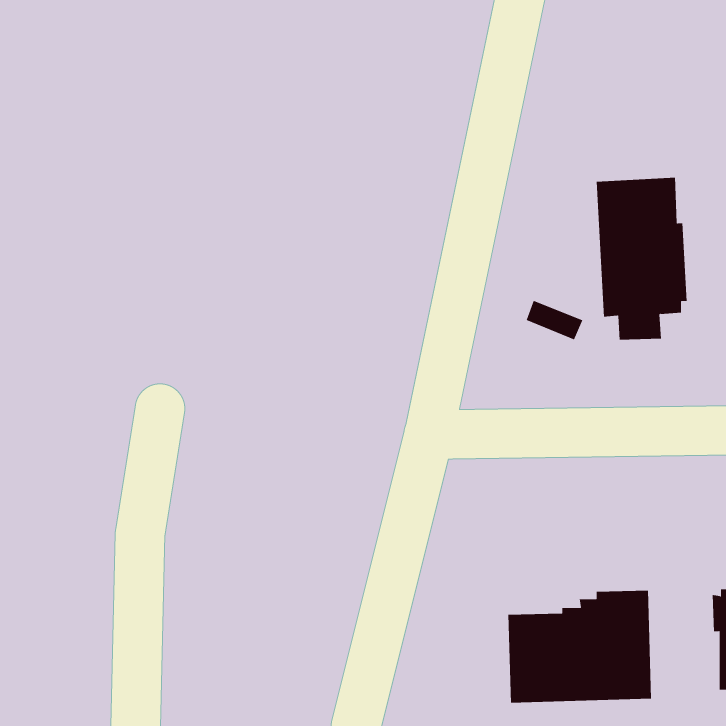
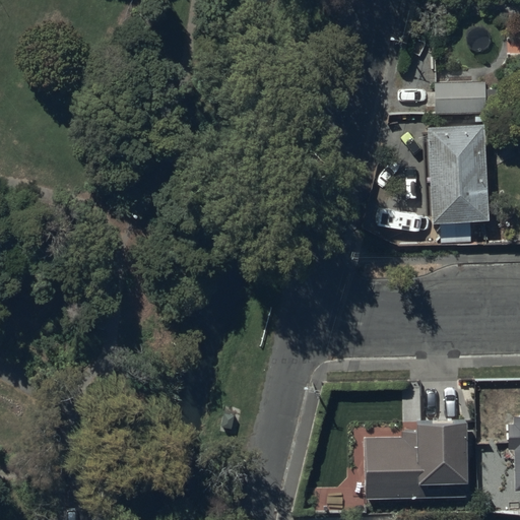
building: none -> [436,81,499,114]

